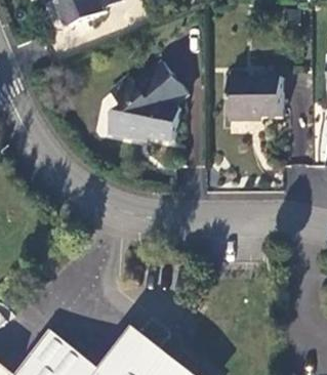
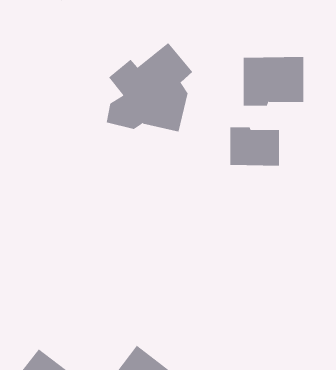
building: none -> [230,126,280,166]

